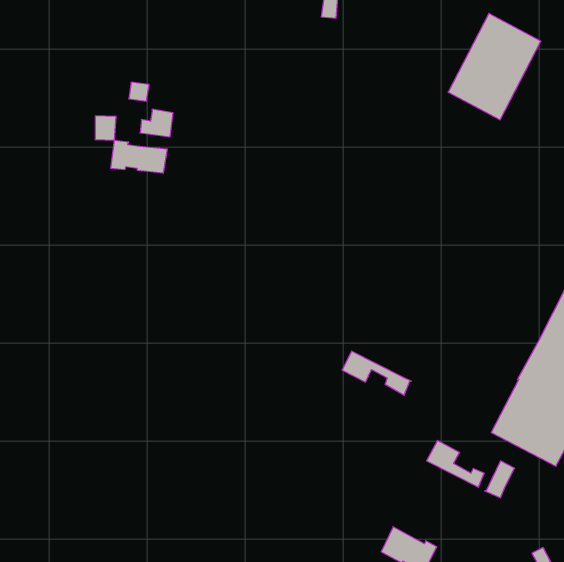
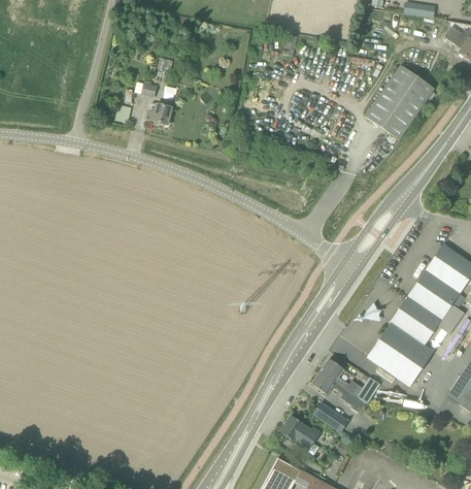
building: [111,140,167,173] -> none
building: [342,351,411,395] -> [311,371,359,406]
building: none -> [312,402,348,432]

